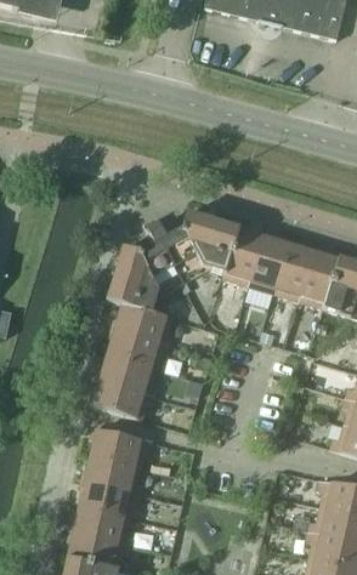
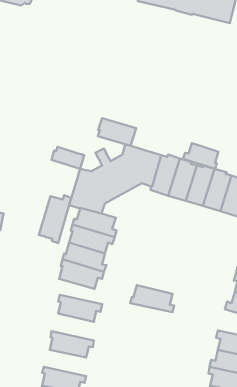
building: none -> [98,118,136,146]
building: none -> [183,143,219,169]
building: none -> [52,147,84,169]
building: none -> [39,195,71,243]
building: [80,454,143,493] -> [130,285,174,312]
building: [69,506,132,543] -> none

